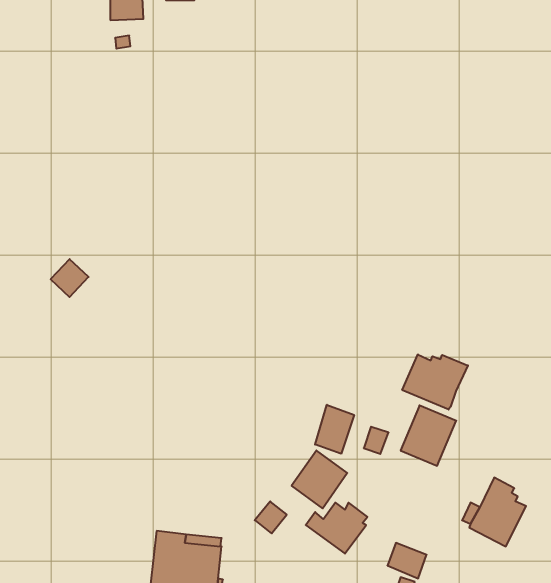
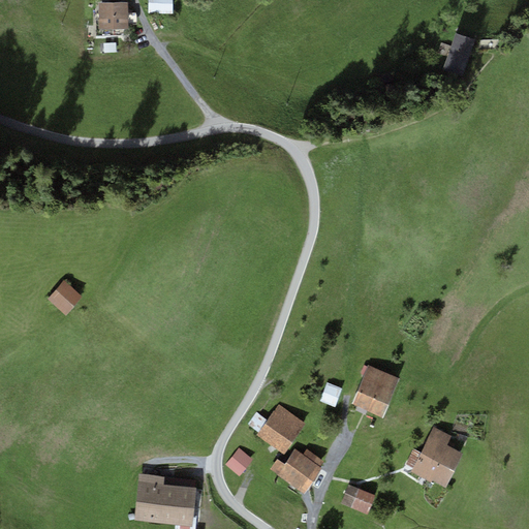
building: none -> [444,32,473,74]
building: [51,259,89,297] -> [49,280,82,313]
building: [402,354,468,410] -> none
building: [315,405,354,454] -> none

